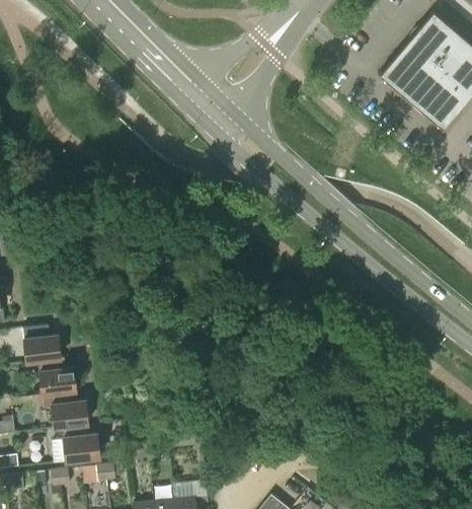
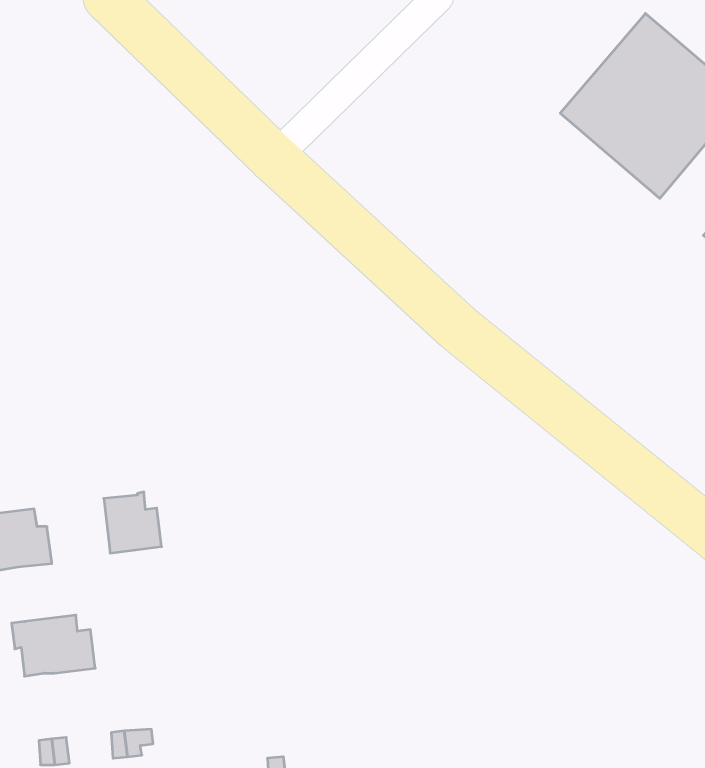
building: [37,357,74,395] -> [104,492,162,553]
building: [52,425,97,462] -> none

